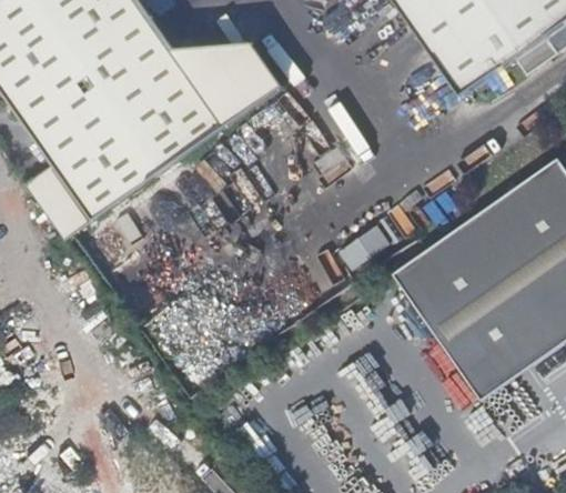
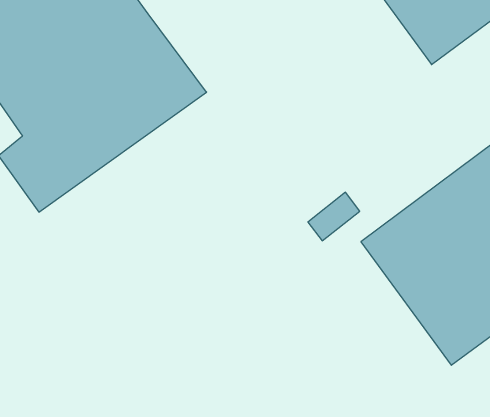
building: [178,43,285,122] -> none

